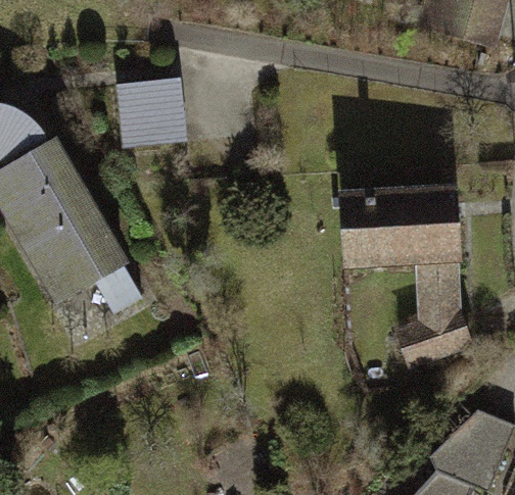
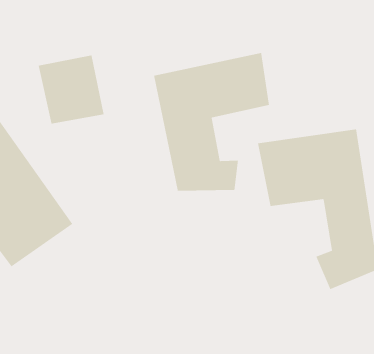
building: none -> [154,52,269,192]

